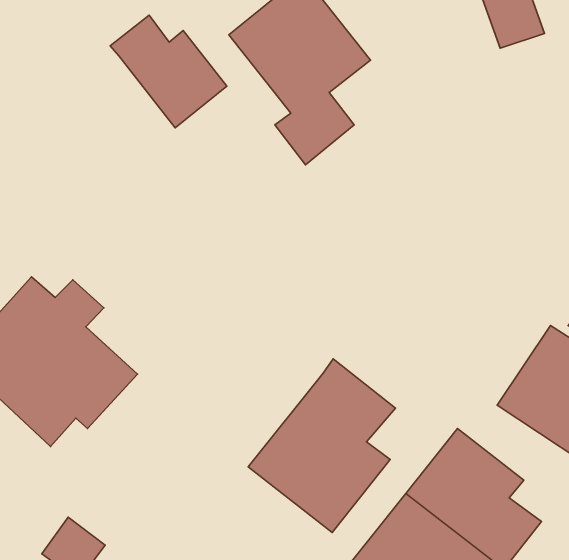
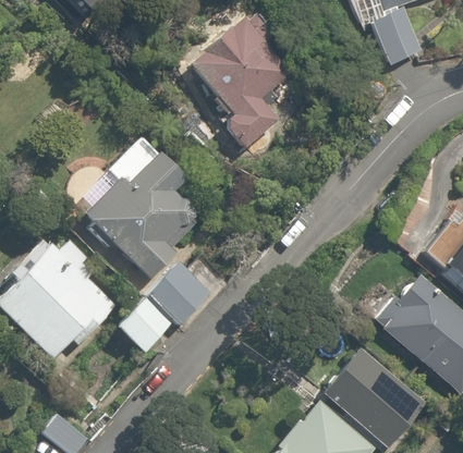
building: [110,15,227,128] -> none
building: none -> [77,152,214,354]
building: [248,359,396,532] -> none

